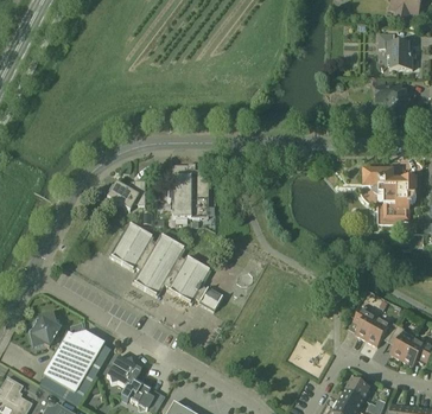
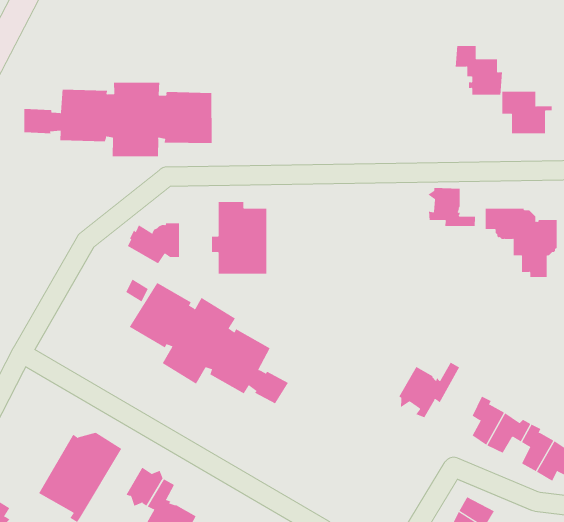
building: [379,32,413,68] -> [455,46,503,95]
building: none -> [24,82,212,157]
building: none -> [427,187,475,227]
building: none -> [398,362,460,418]
building: [28,313,59,345] -> none

